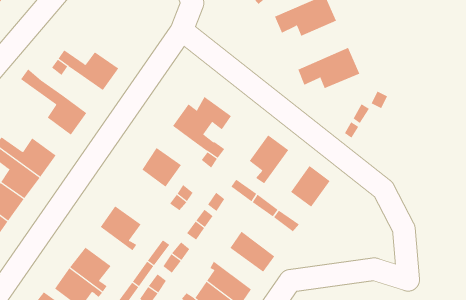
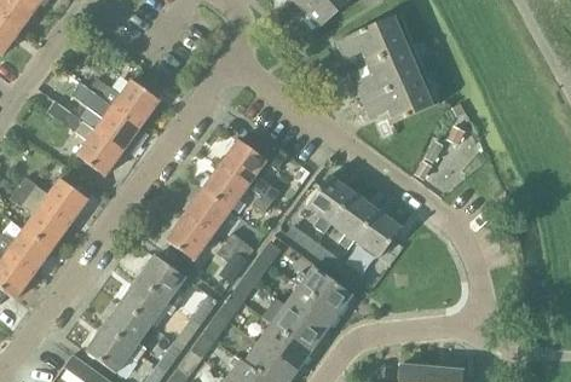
building: none -> [353,46,420,102]
building: none -> [94,106,140,151]
building: none -> [201,166,247,210]
building: none -> [330,193,375,248]
building: none -> [166,215,212,261]
building: none -> [293,266,351,314]
building: none -> [120,280,174,325]
building: none -> [266,305,323,352]

